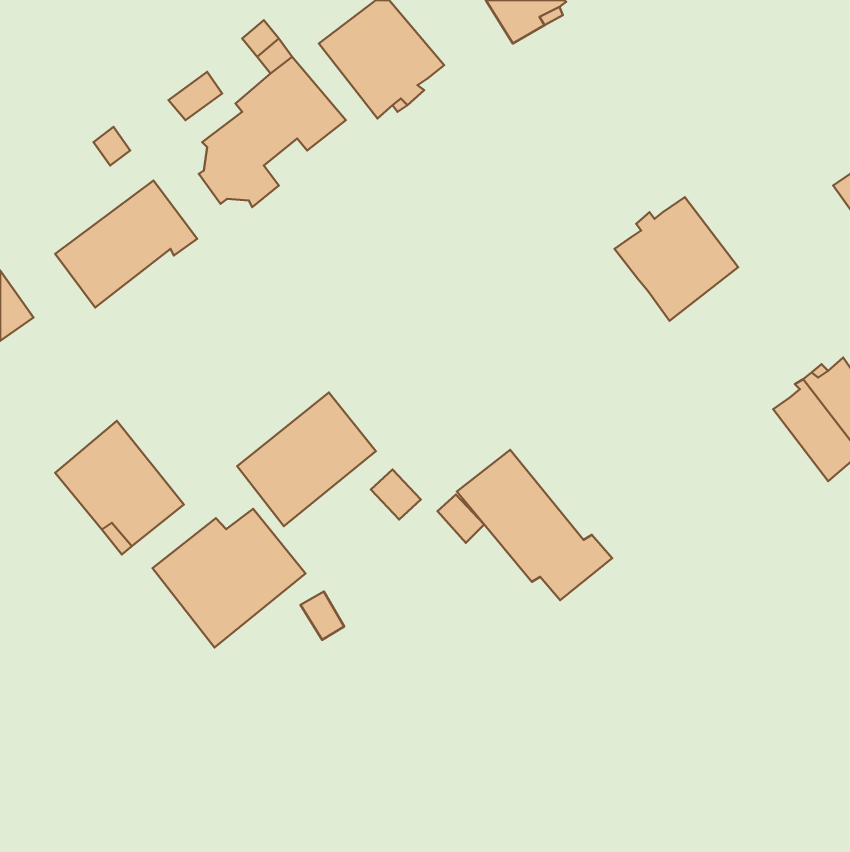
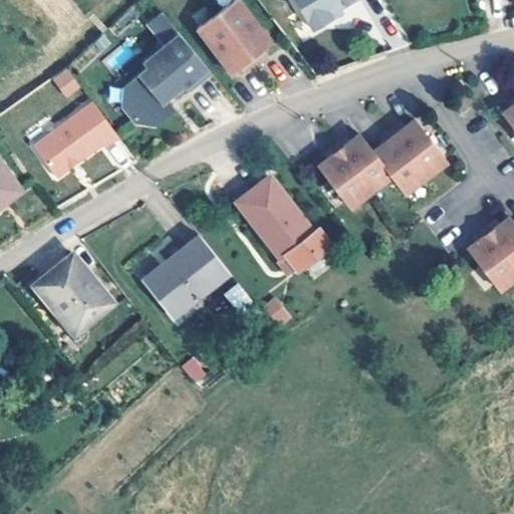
building: none -> [317,135,392,209]
building: [457,450,612,600] -> [235,176,328,266]
building: [152,509,305,648] -> none

